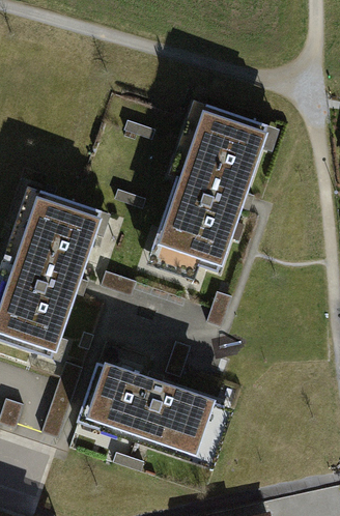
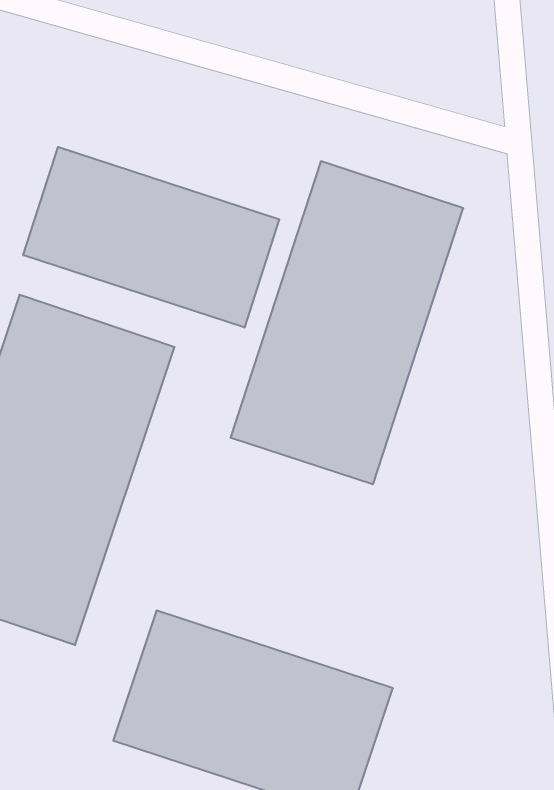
building: none -> [23,147,279,328]

